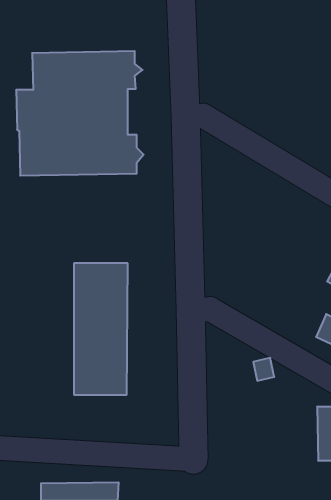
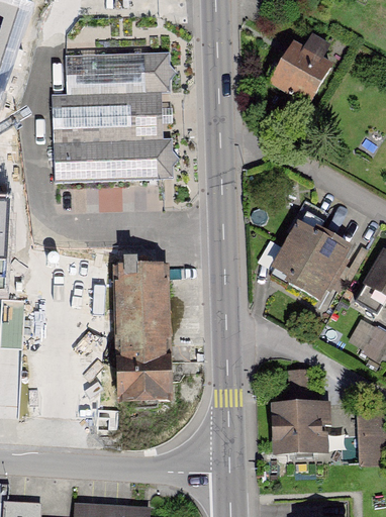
building: none -> [270,39,333,108]
building: none -> [271,224,349,300]
building: none -> [270,405,325,452]

